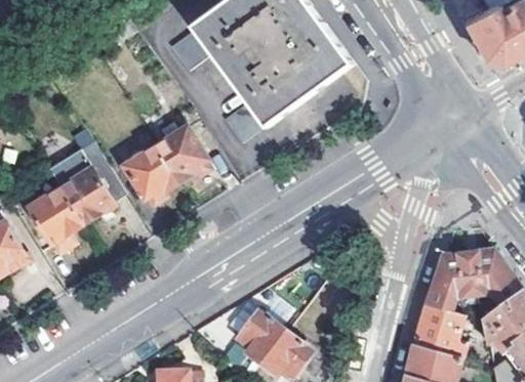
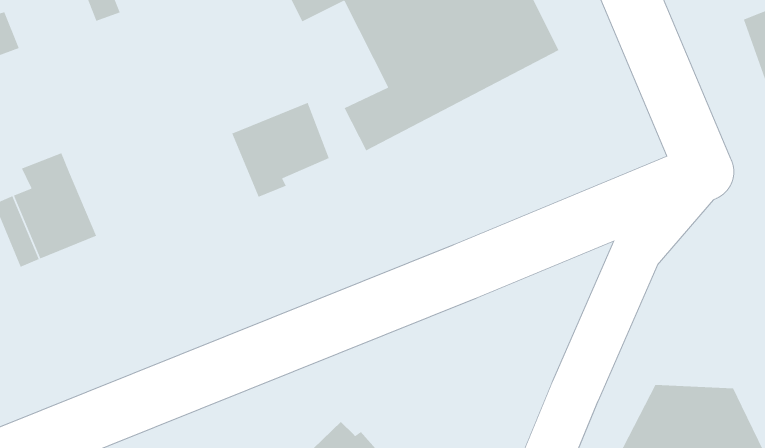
building: [62,140,126,223] -> none
building: [125,145,180,198] -> none

